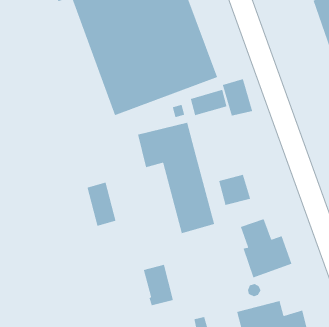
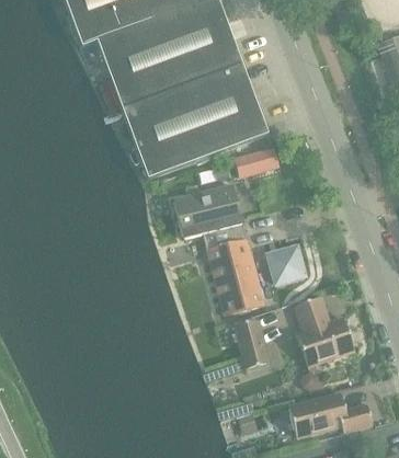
building: [222,78,253,117] -> none
building: [86,182,117,227] -> none
building: [143,264,174,306] -> [235,319,271,368]

